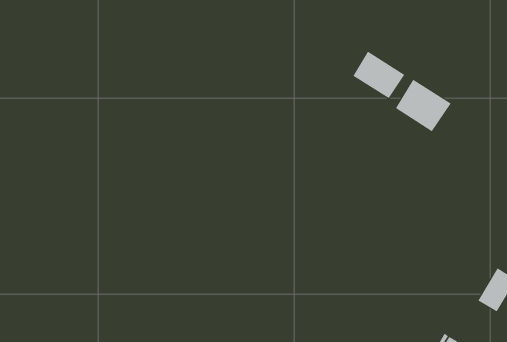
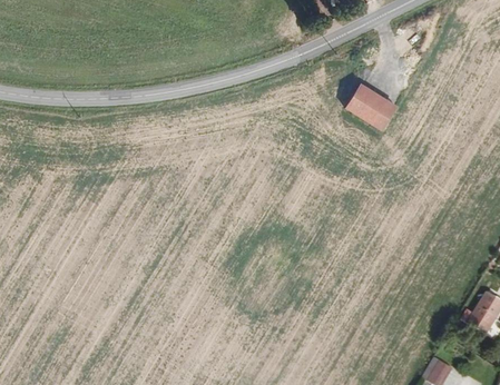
building: [395,79,451,132] -> none

